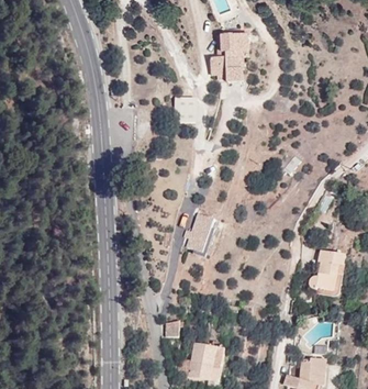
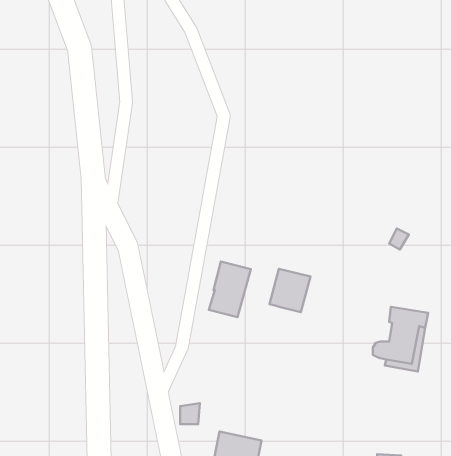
building: [209,33,248,80] -> none
building: none -> [269,269,310,312]

